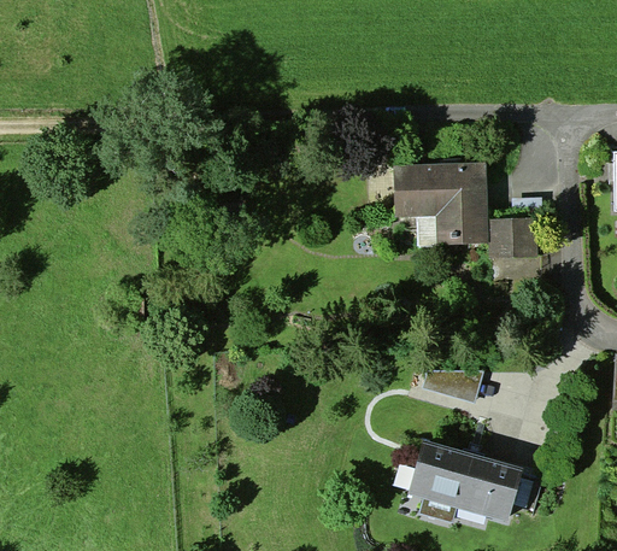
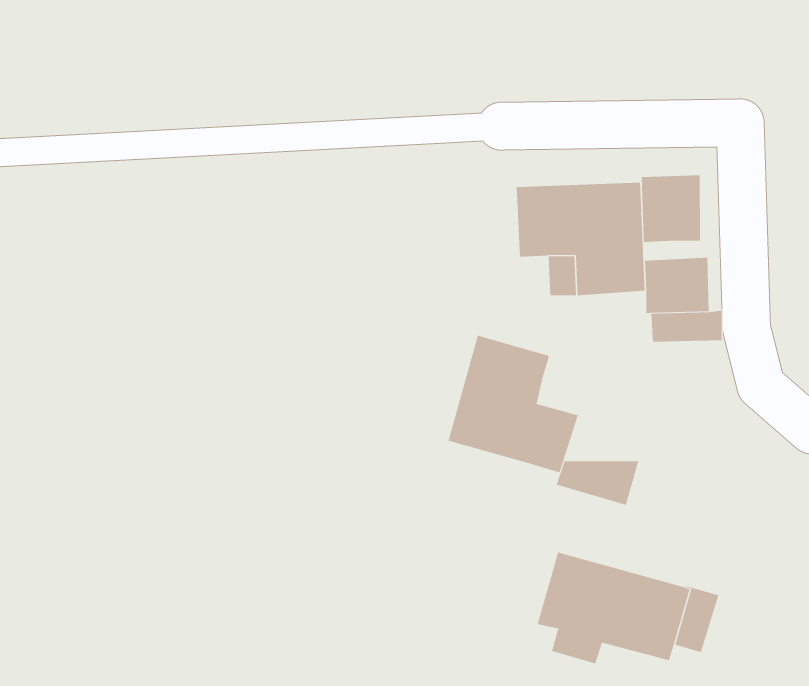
building: none -> [641,175,701,243]
building: none -> [448,335,578,473]

